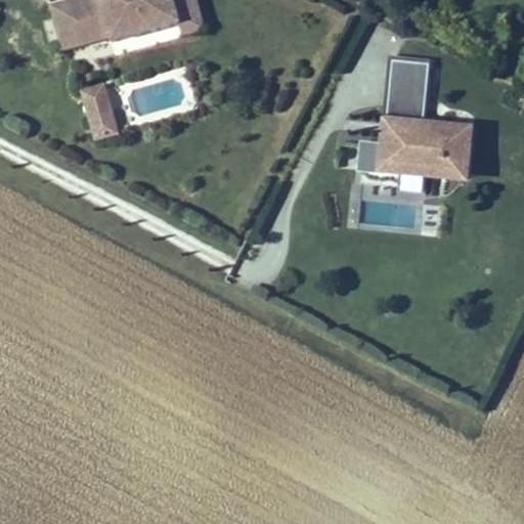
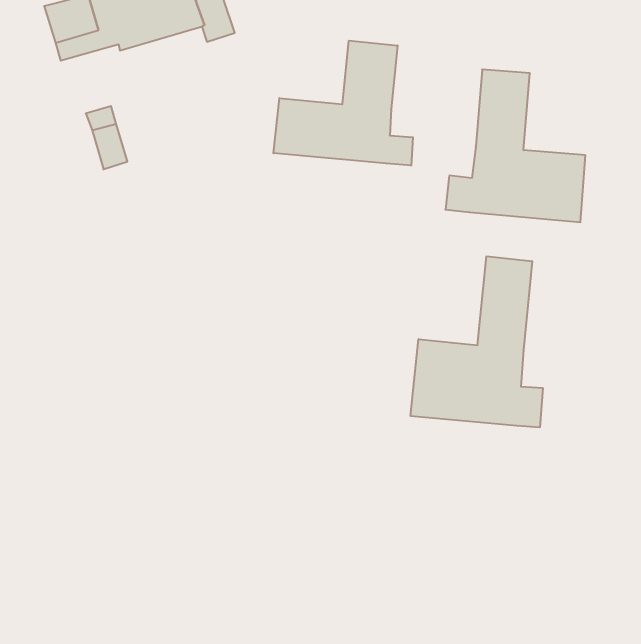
building: none -> [273,41,413,166]
building: none -> [411,256,543,427]

